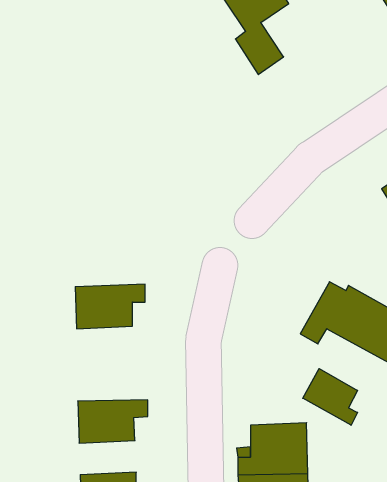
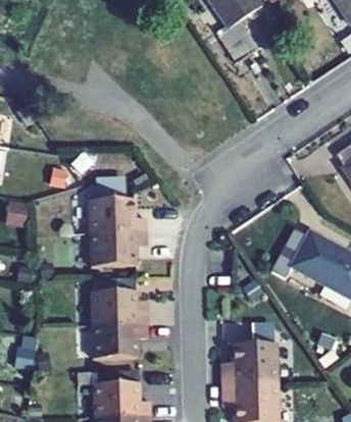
building: none -> [89,177,146,232]
building: none -> [91,289,148,324]
building: [303,369,358,425] -> none

